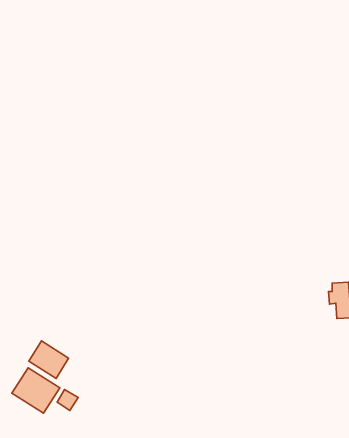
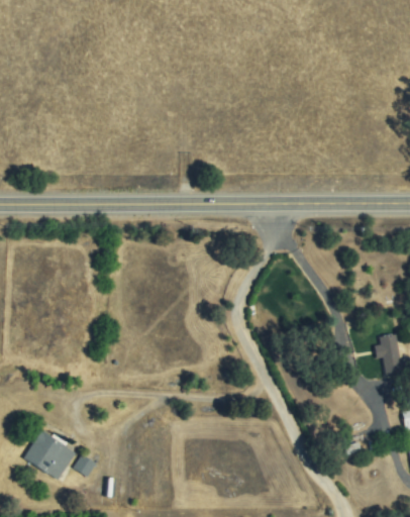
building: [29,341,69,378] -> none

